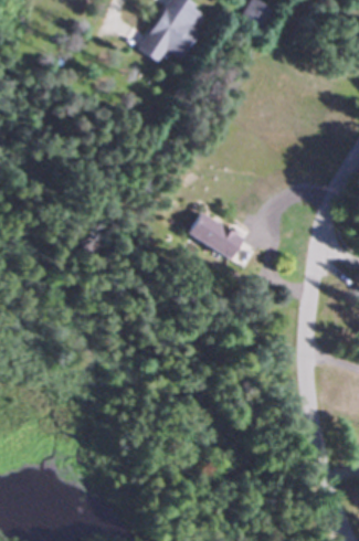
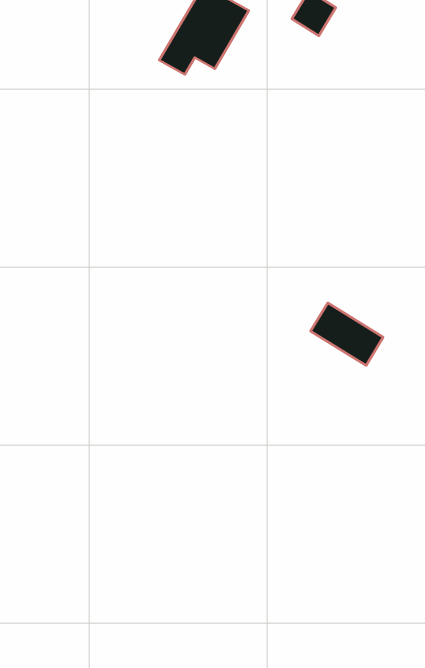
building: [183,212,240,261] -> [311,303,383,366]

